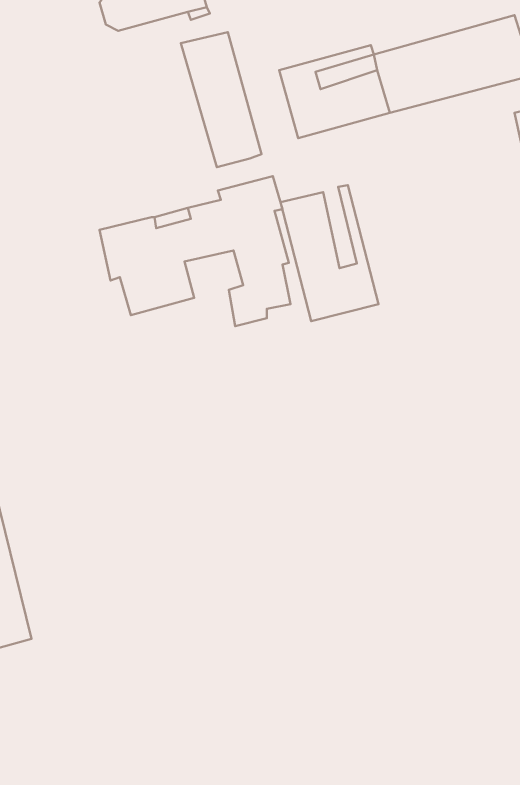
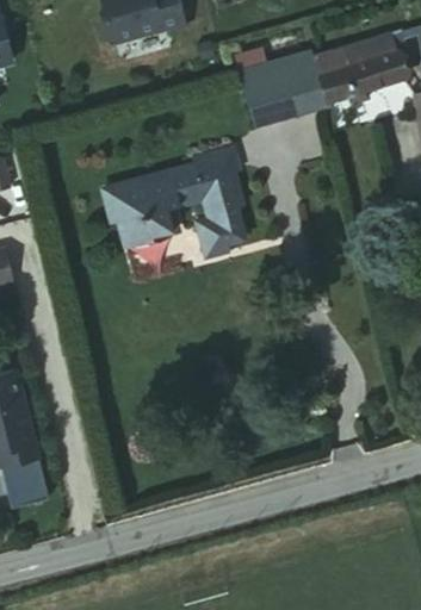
building: [181,32,262,167] -> none
building: [281,185,379,321] -> none

